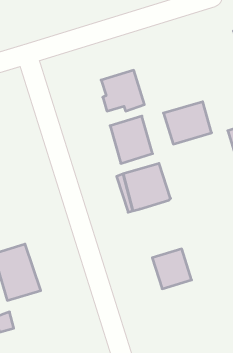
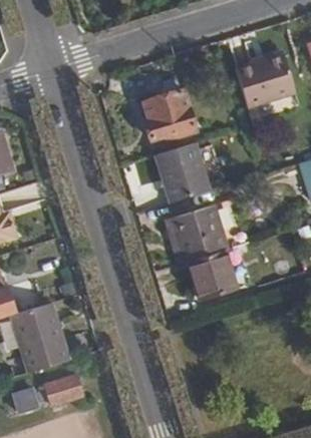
building: [163,102,212,144] -> [236,53,295,105]
building: [152,249,192,289] -> [192,249,240,298]
building: none -> [37,372,81,403]

